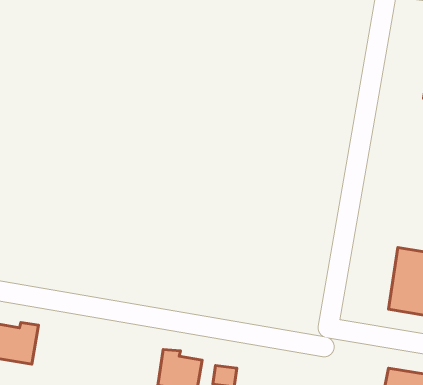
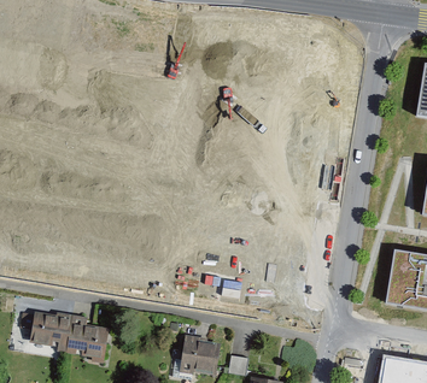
building: none -> [65,317,105,360]

